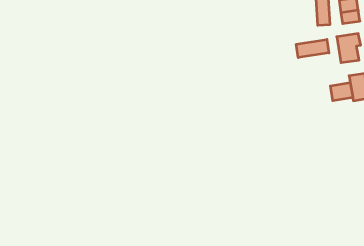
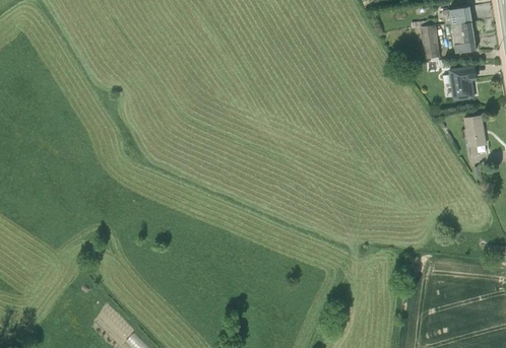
building: [296,39,329,58] -> none
building: [330,83,353,101] -> none

